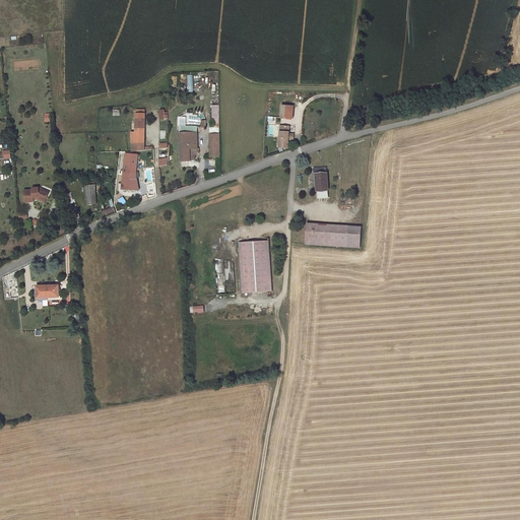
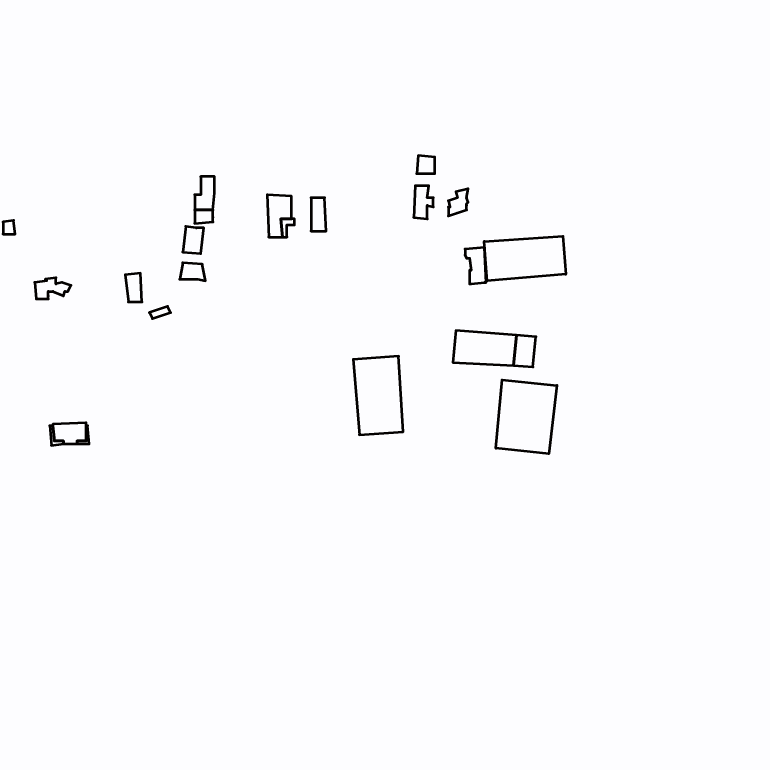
building: none -> [484,236,566,281]
building: none -> [496,380,557,454]

